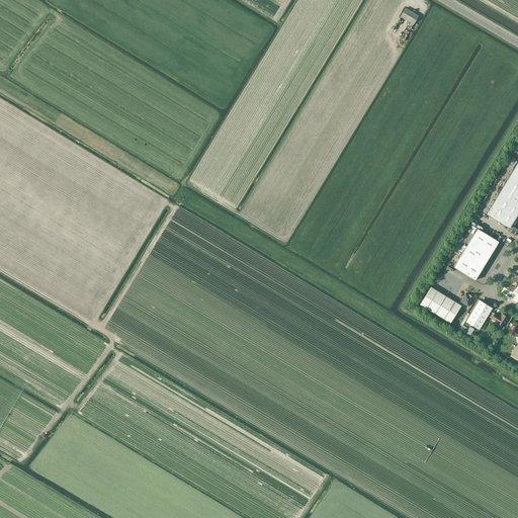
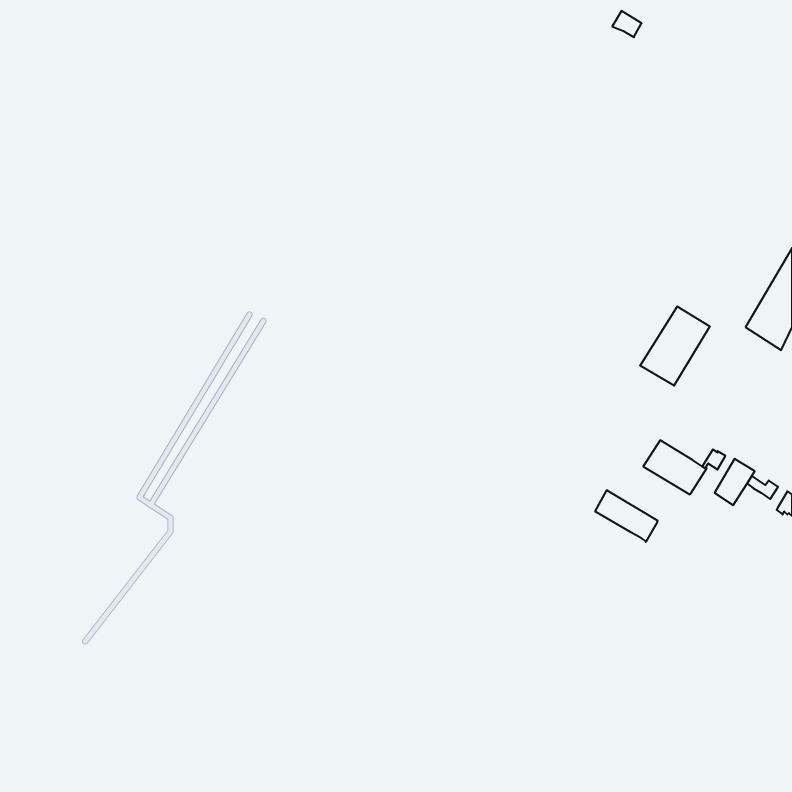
building: [453,229,499,280] -> [640,306,710,386]
building: none -> [595,490,657,542]

